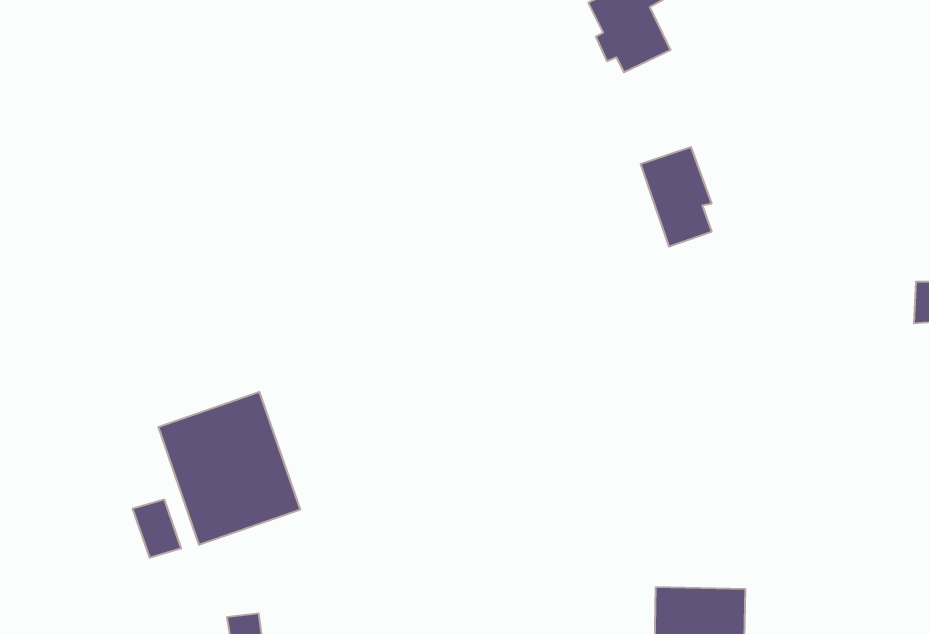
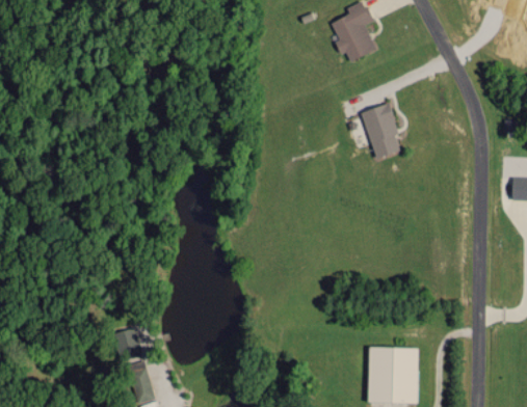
building: [158,392,300,545] -> none
building: [133,500,181,558] -> [115,329,142,361]

